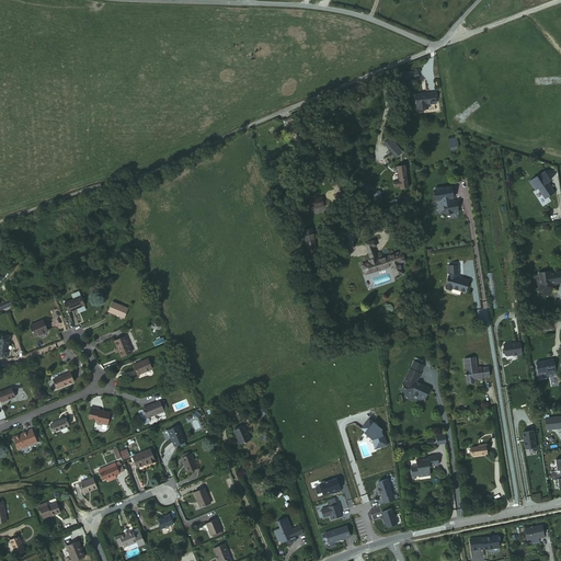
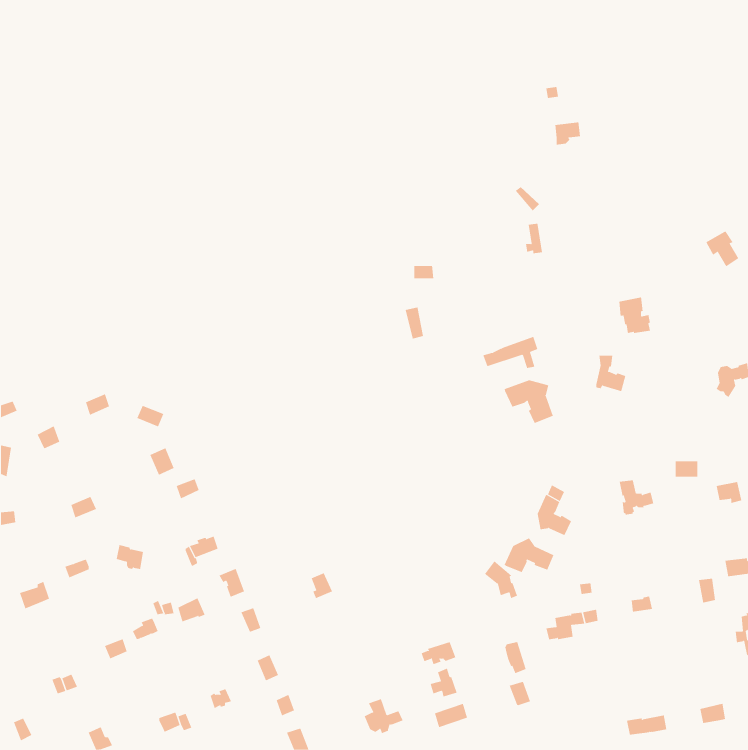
building: [433,187,457,215] -> [619,297,651,334]
building: none -> [504,380,554,424]
building: none -> [504,537,554,573]

